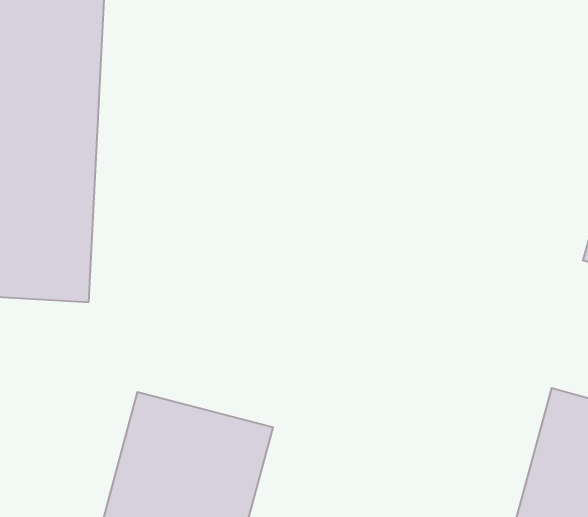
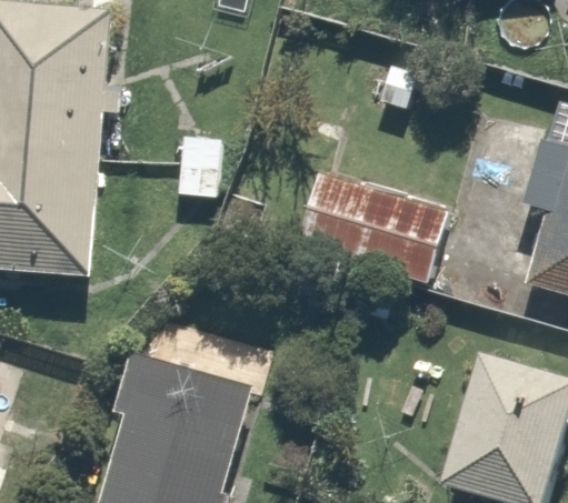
building: none -> [299,168,485,299]

